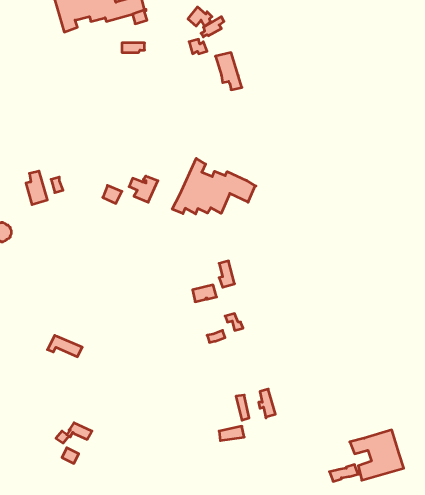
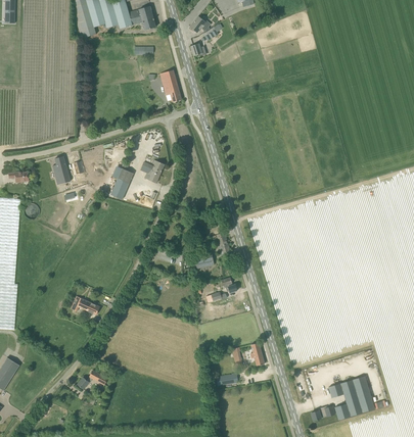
building: [215,53,242,90] -> [158,70,181,102]
building: [172,158,256,214] -> none

